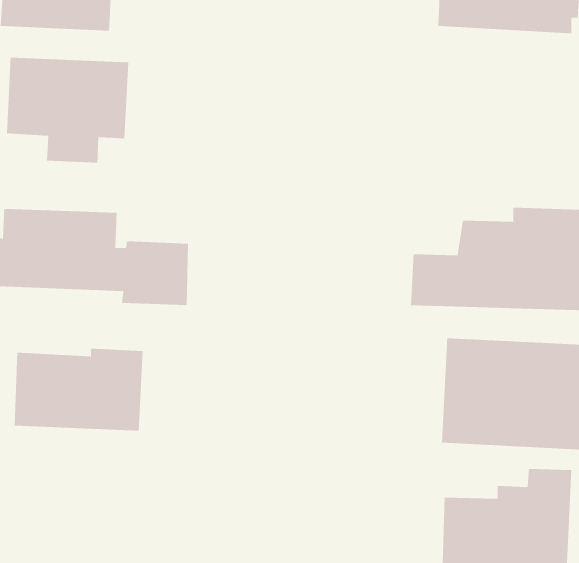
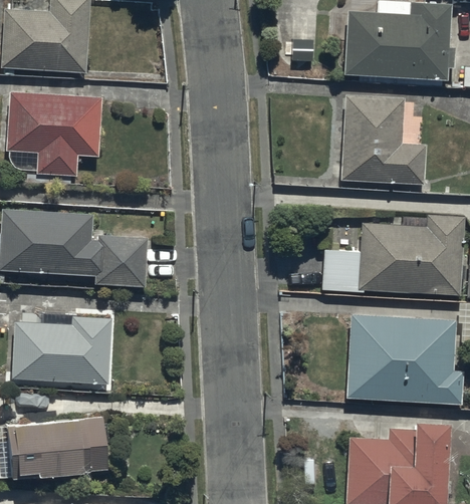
building: none -> [339,91,424,181]
building: none -> [8,420,109,481]

